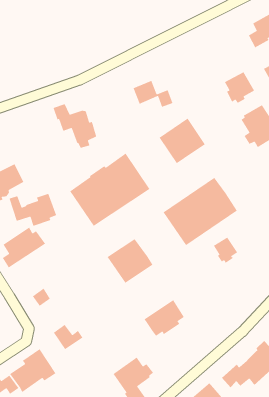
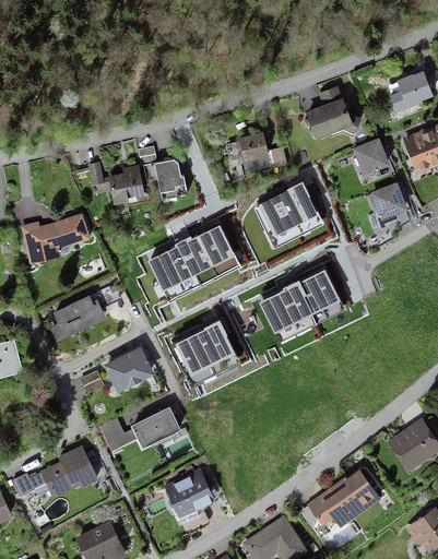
building: none -> [305,86,360,138]
building: [9,193,57,227] -> [87,163,144,204]
building: [213,237,238,264] -> none
building: none -> [103,346,154,392]
building: [143,299,185,337] -> [129,405,180,449]

